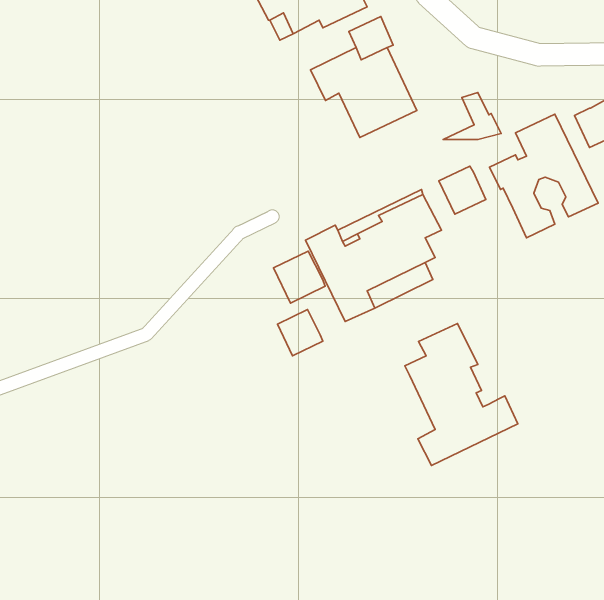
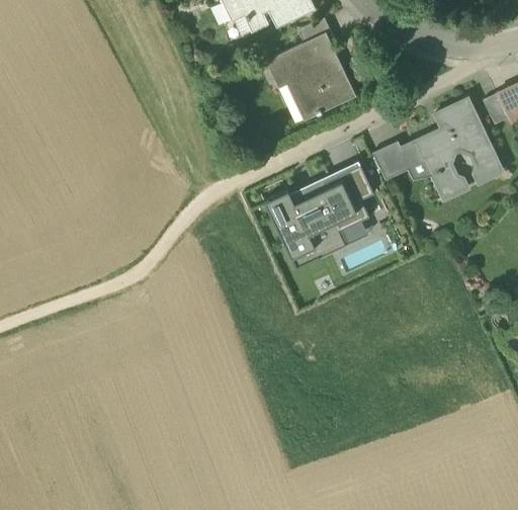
building: [443,93,501,140] -> [385,142,433,180]
building: [274,251,325,303] -> none
building: [277,310,323,356] -> none
building: [405,324,518,466] -> none

